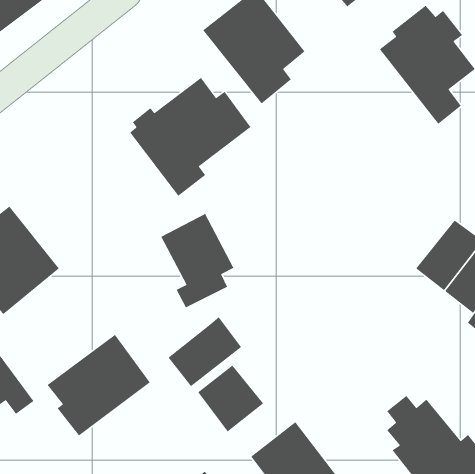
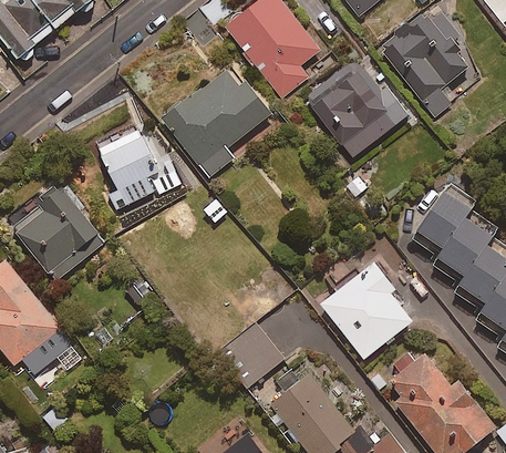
building: none -> [309,62,407,155]
building: [160,213,235,309] -> [93,122,158,206]
building: none -> [321,262,413,359]
building: [167,316,242,387] -> none
building: [47,334,151,437] -> none

